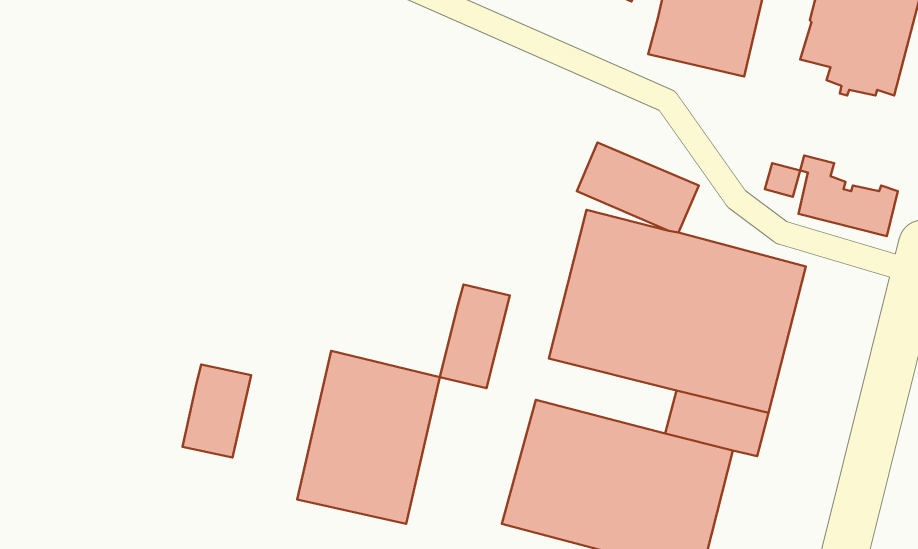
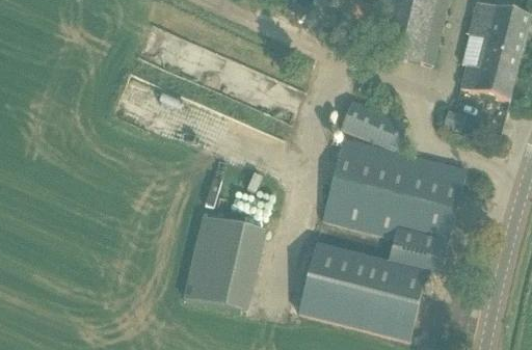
building: [798,155,898,236] -> [461,54,516,99]
building: [440,285,510,388] -> none
building: [182,364,251,458] -> none

